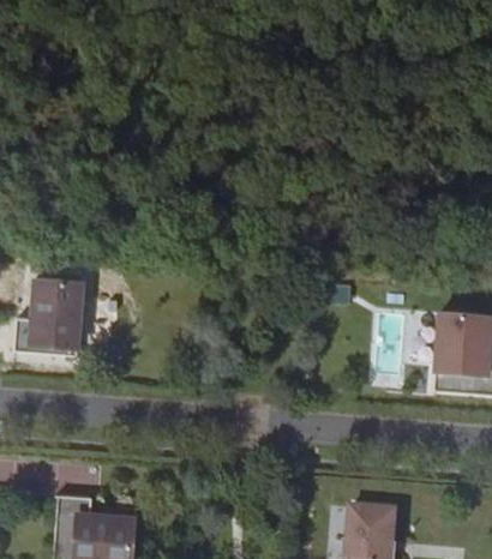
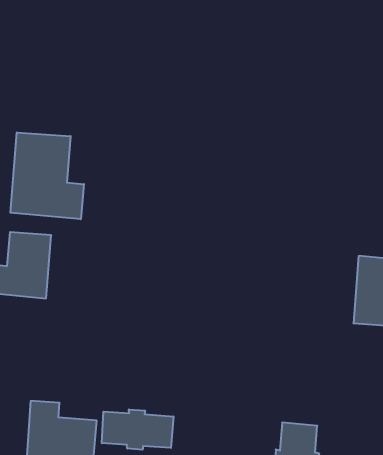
building: none -> [10,132,84,219]
building: none -> [102,409,173,450]

